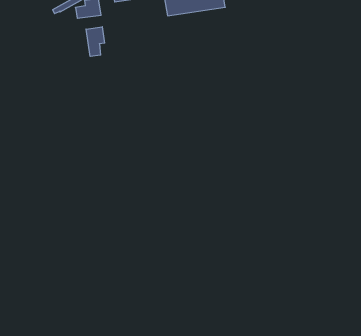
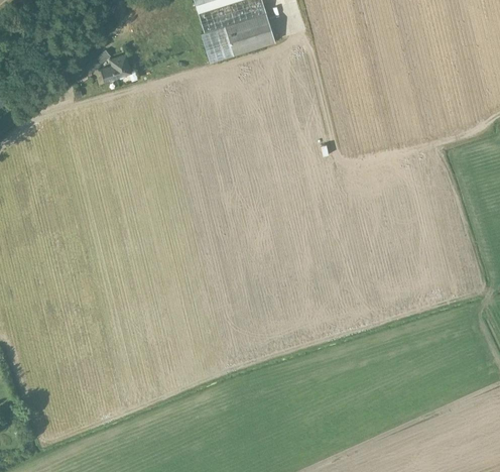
building: [86,27,105,56] -> none

